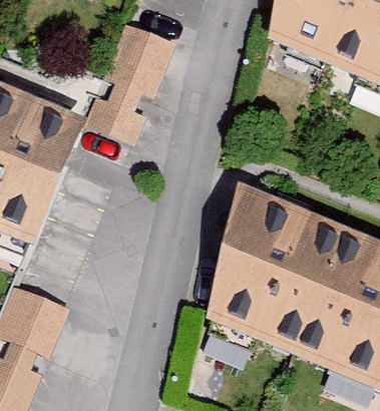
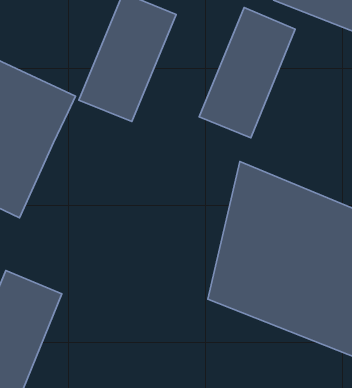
building: none -> [199,7,295,138]

